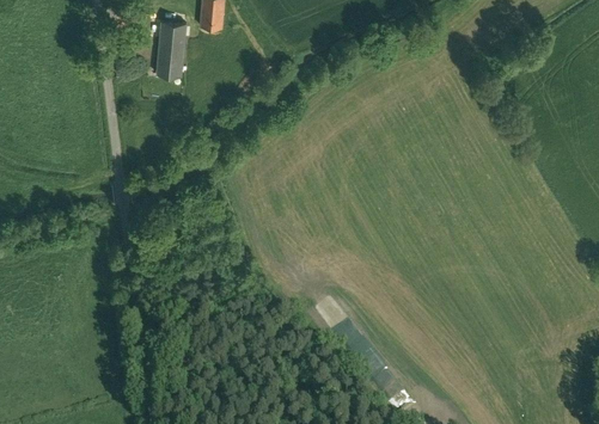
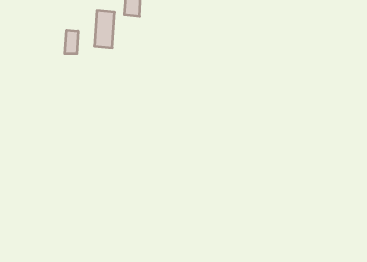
building: none -> [65,30,78,54]

